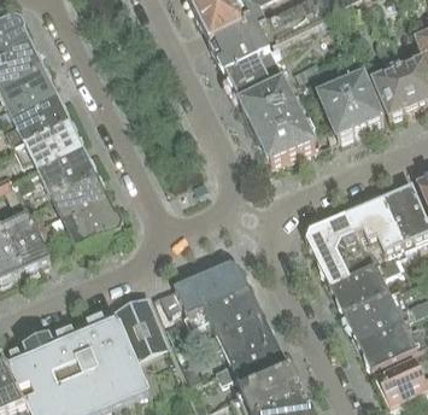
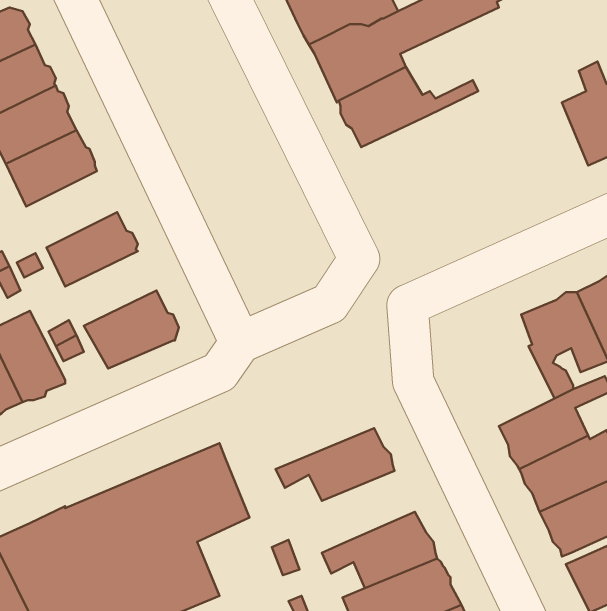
building: [316,70,382,136] -> none
building: [240,82,315,162] -> none
building: [23,118,82,168] -> none
building: [48,170,107,218] -> none
building: [305,211,365,284] -> none
building: [171,259,248,311] -> none
building: [204,312,275,360] -> none

